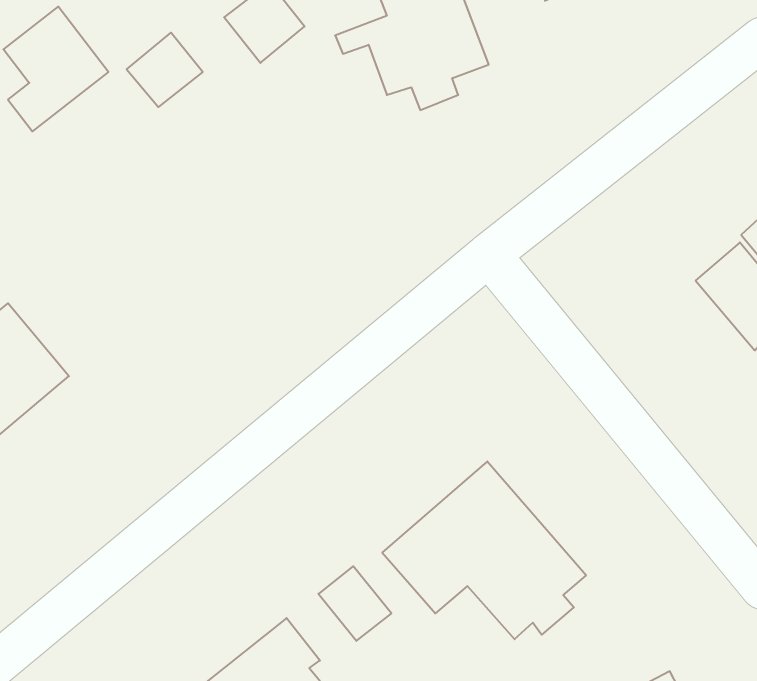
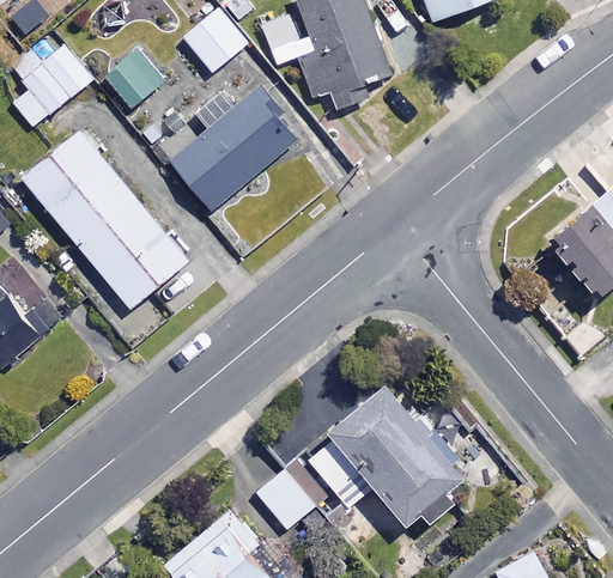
building: none -> [171,89,299,212]
building: none -> [24,133,188,309]

